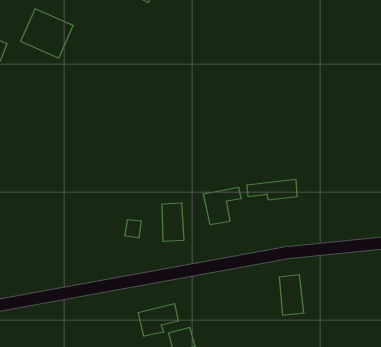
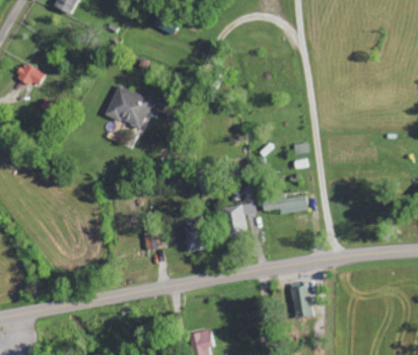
building: [21,9,73,58] -> [104,85,152,130]
building: [138,304,178,336] -> none

